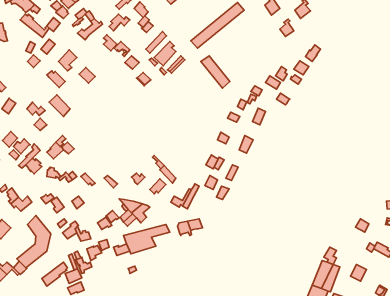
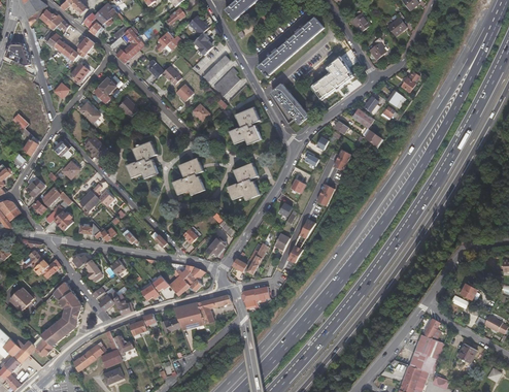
building: none -> [309,56,351,98]
building: none -> [227,104,258,141]
building: none -> [127,140,158,177]
building: none -> [172,155,204,193]
building: none -> [226,164,258,203]

